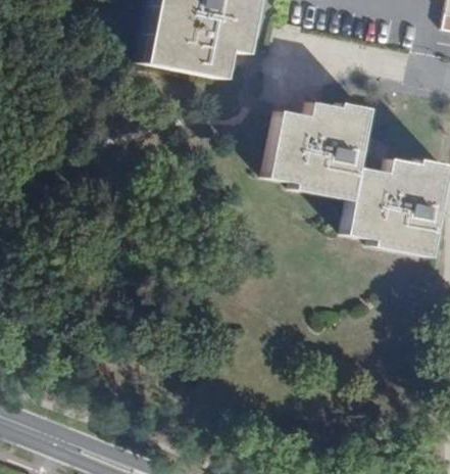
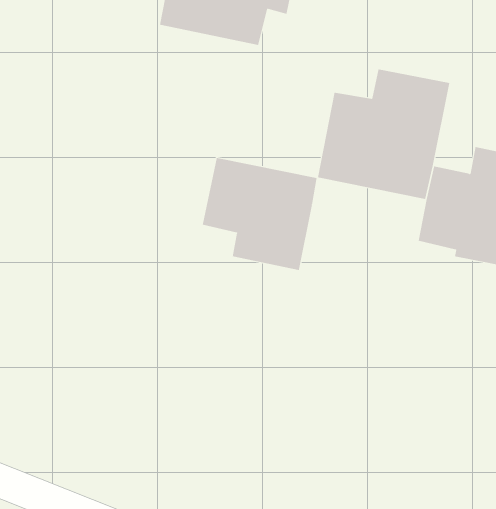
building: none -> [202,157,317,271]

